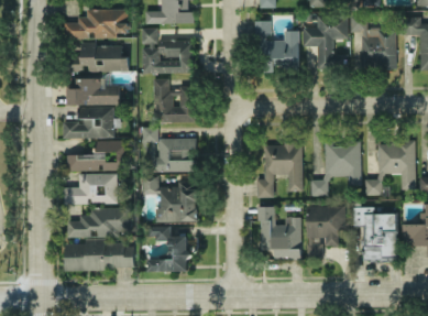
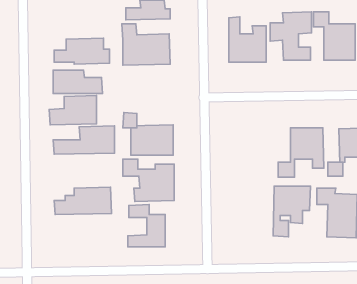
building: [64,9,129,40] -> none
building: [154,79,195,122] -> none
building: [256,144,303,198] -> none
building: [64,173,117,205] -> none
building: [259,207,300,261] -> none
building: [65,240,134,271] -> none

